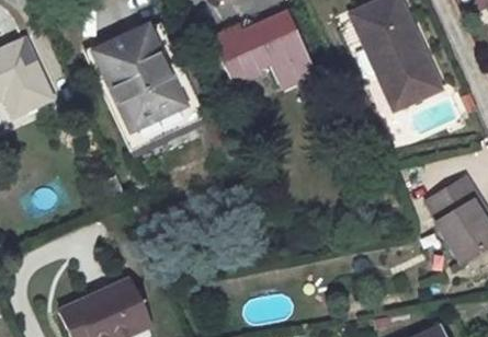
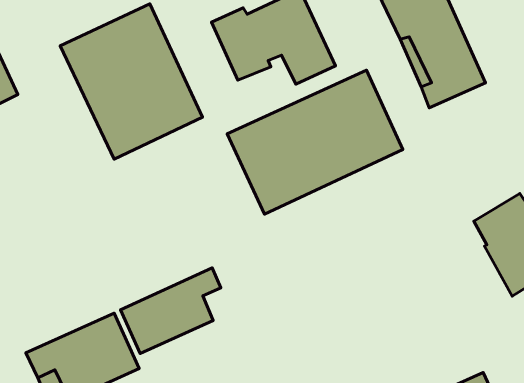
building: none -> [227,70,403,214]
building: none -> [120,268,221,353]

